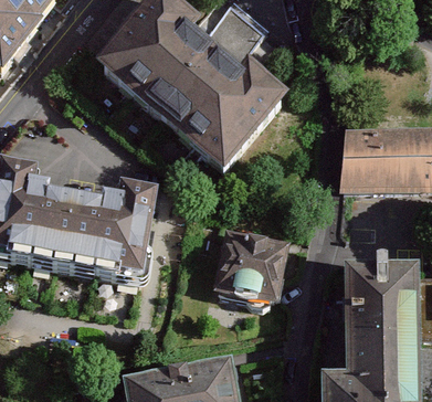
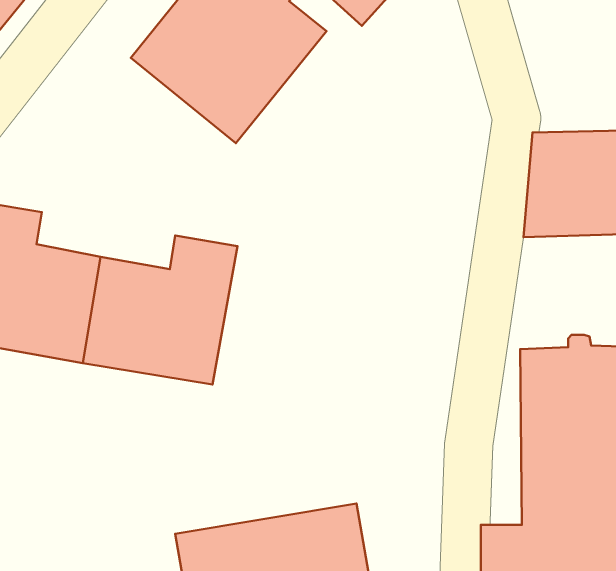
building: [159,60,291,183] -> none
building: [212,225,291,299] -> none

